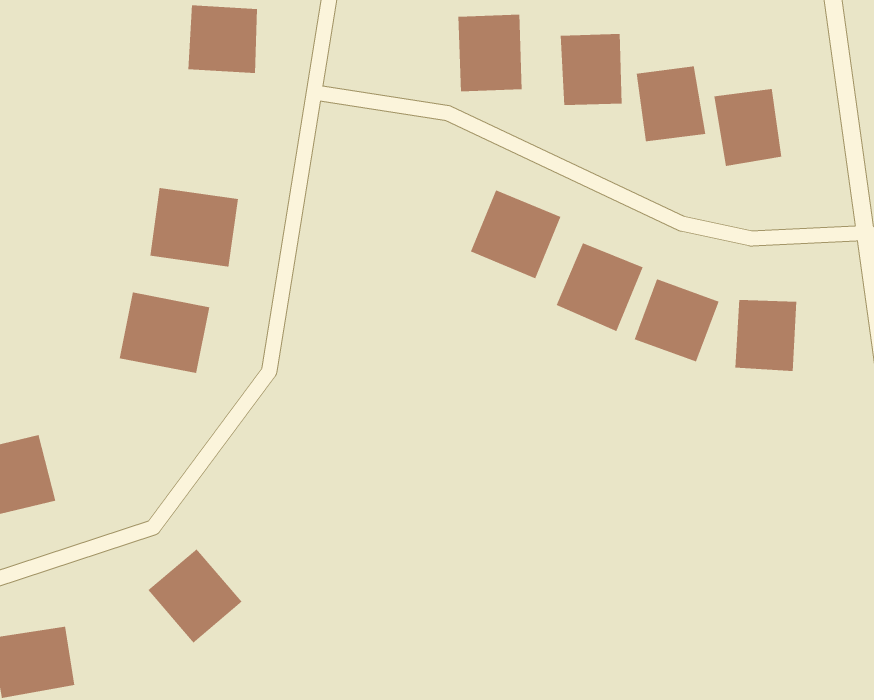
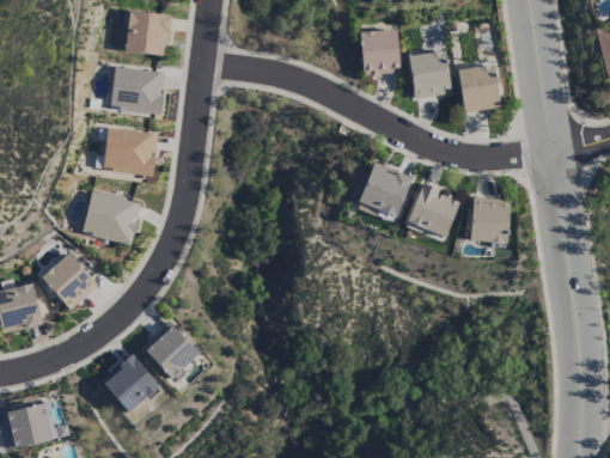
building: [458,14,522,92] -> none
building: none -> [109,66,165,114]
building: [470,189,561,279] -> none
building: none -> [41,252,98,310]
building: none -> [141,322,199,379]

